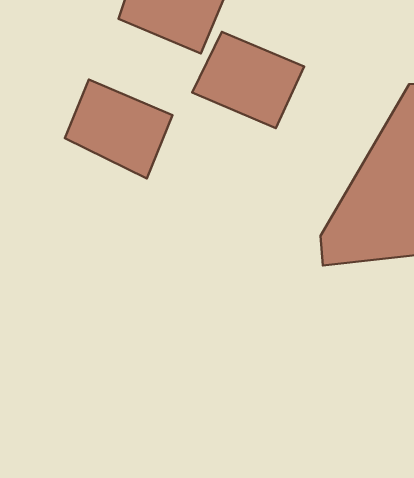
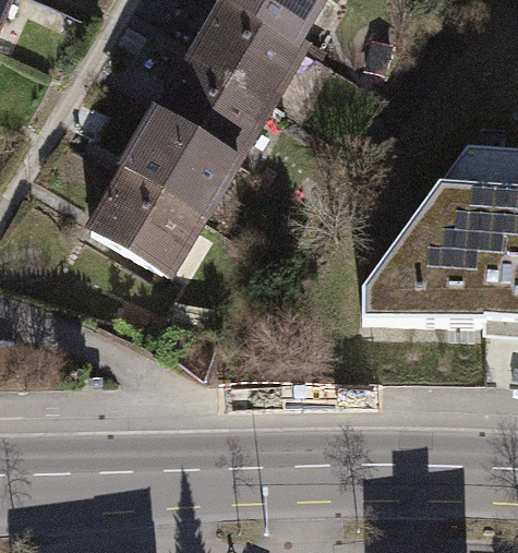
building: [192,32,304,128] -> [158,53,270,154]
building: none -> [92,164,203,267]

